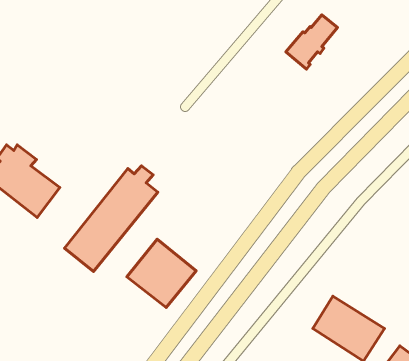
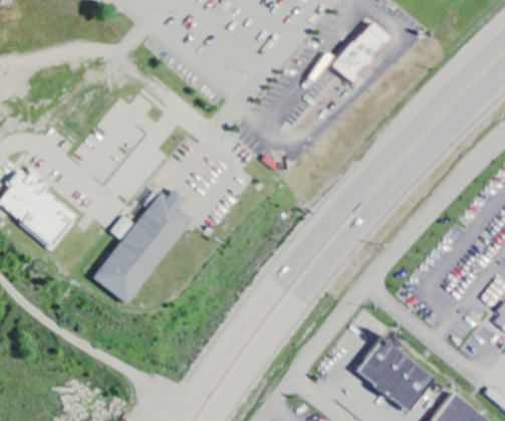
building: [127,239,196,308] -> none

